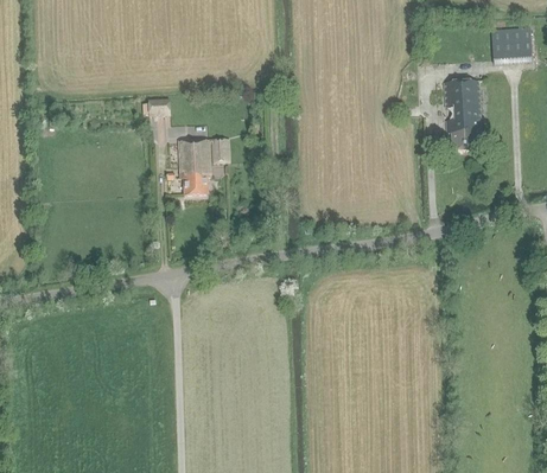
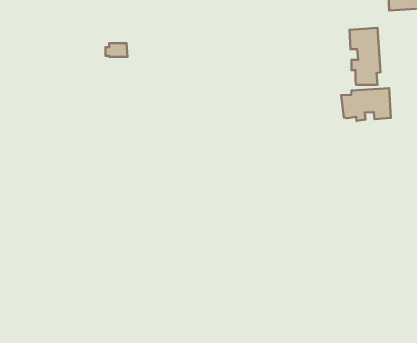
building: [178,139,229,194] -> none
building: none -> [341,88,391,121]

